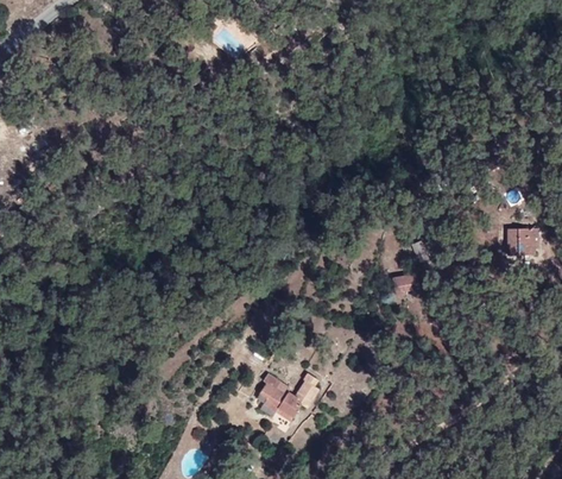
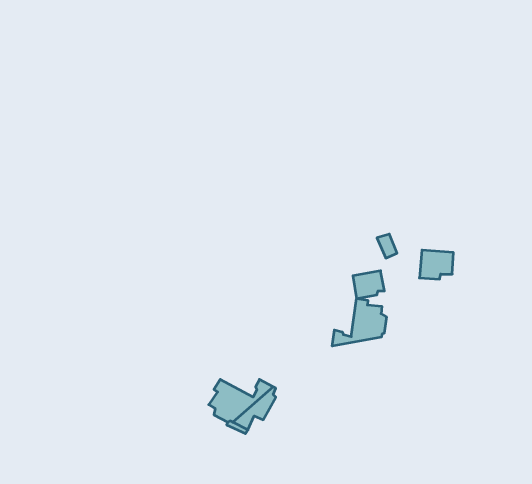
building: [506,231,538,258] -> [419,250,453,279]
building: none -> [332,299,386,346]

